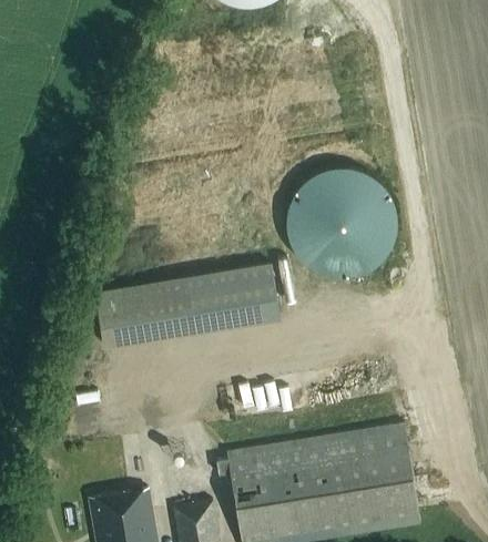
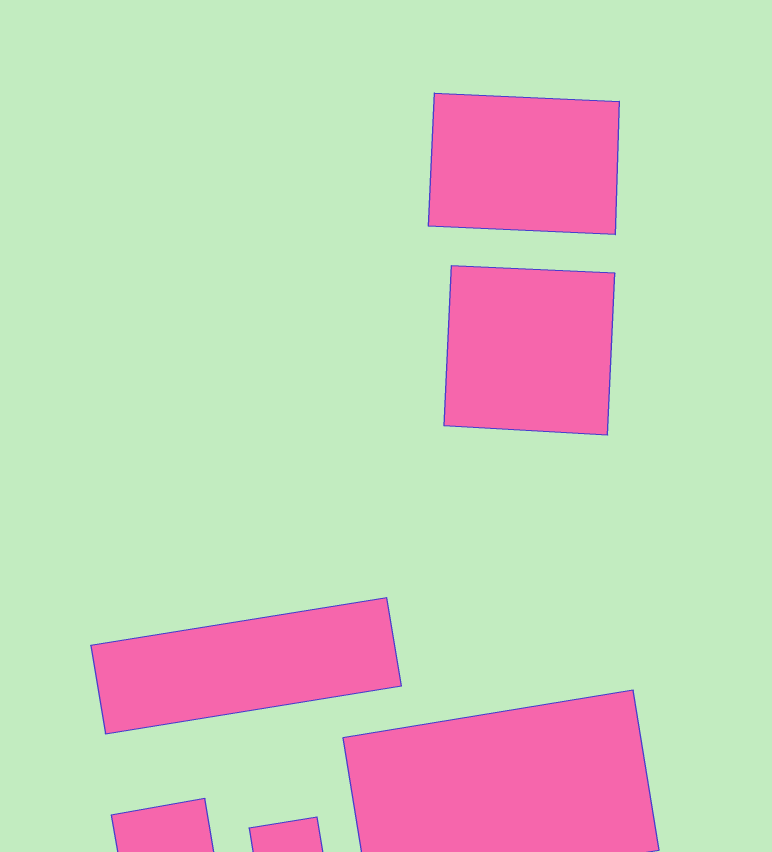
building: none -> [428,93,619,235]
building: [95,265,283,347] -> [91,598,401,734]

